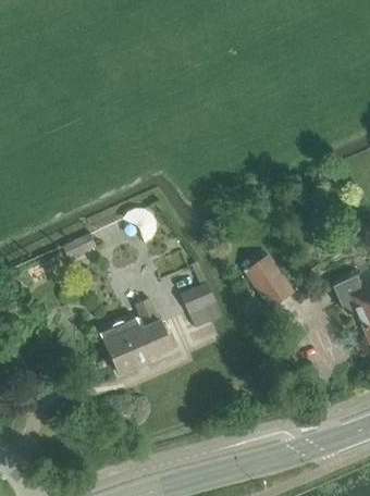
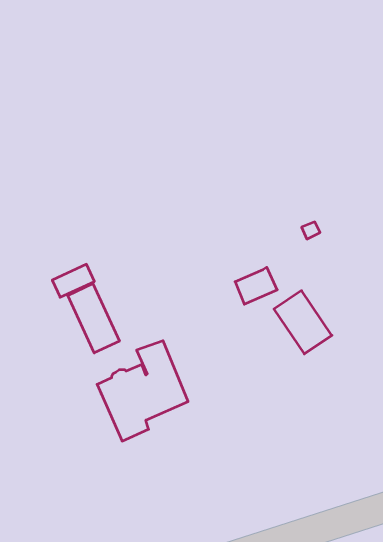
building: none -> [68,283,119,353]
building: [180,284,214,314] -> [235,267,277,304]

